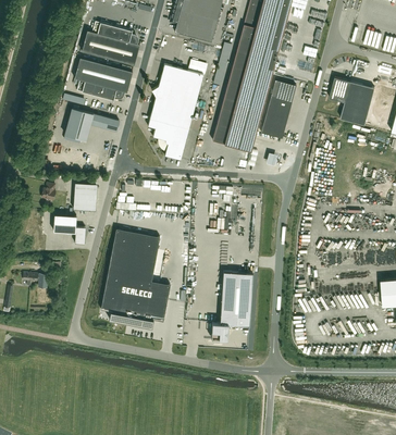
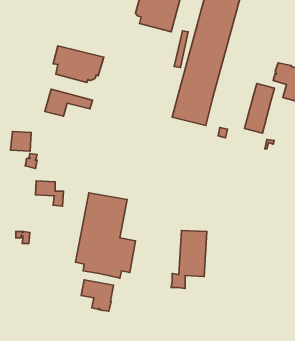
building: [82,22,139,66] -> none
building: [148,64,203,161] -> none
building: [261,80,296,138] -> [245,84,275,133]
building: [73,188,97,211] -> [11,132,31,151]
building: none -> [81,280,113,311]

